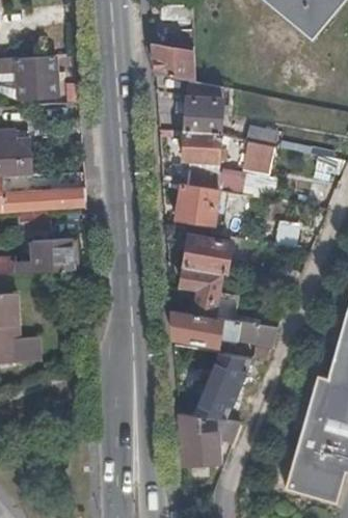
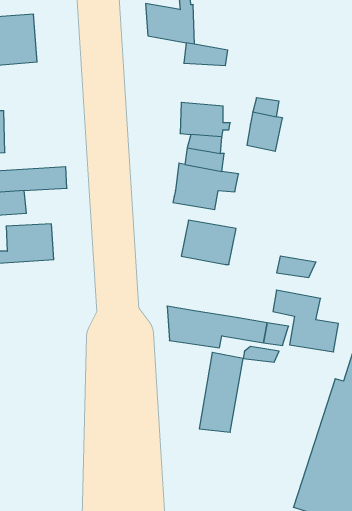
building: [185,98,223,135] -> none
building: [182,266,239,320] -> [273,290,338,352]
building: [180,413,241,465] -> none

